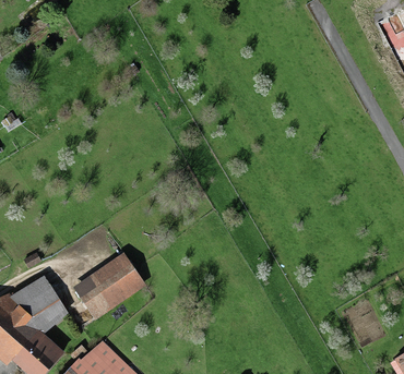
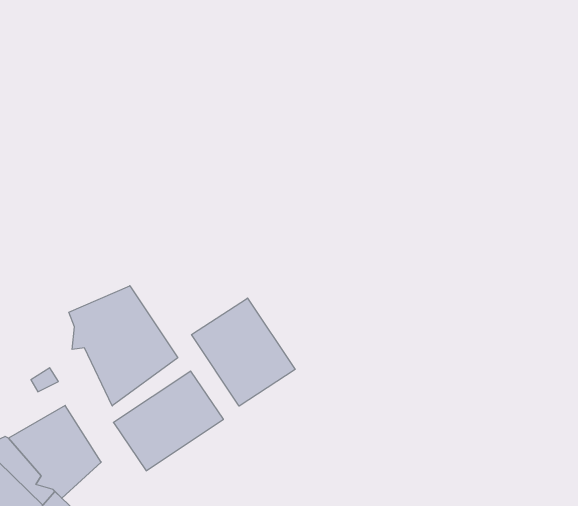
building: none -> [69,286,178,406]
building: none -> [192,298,295,406]

